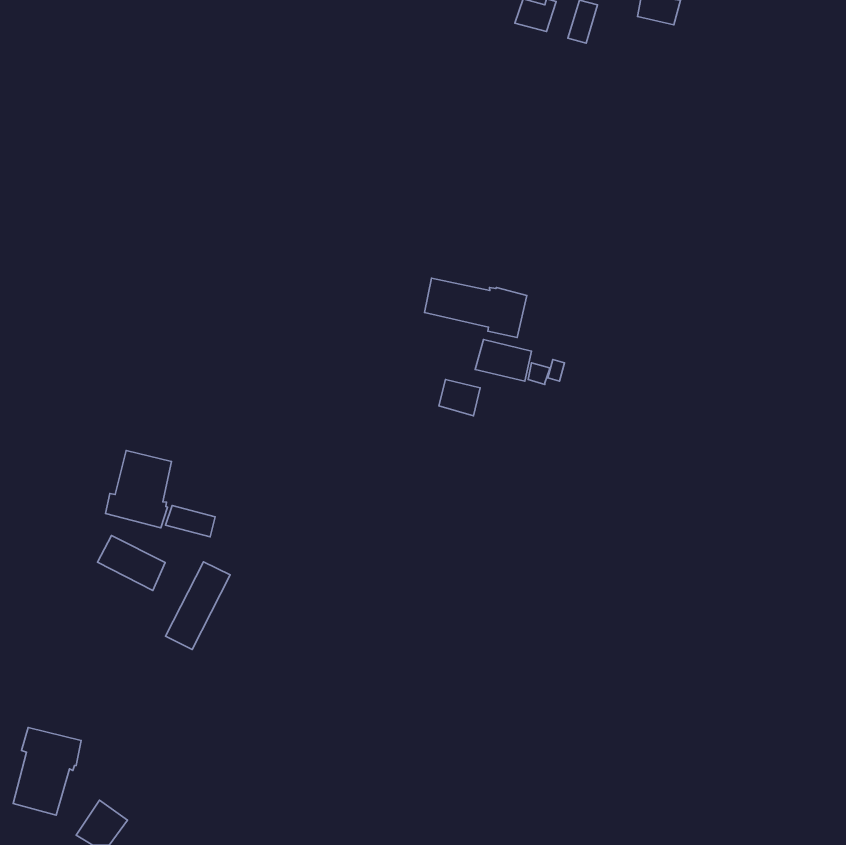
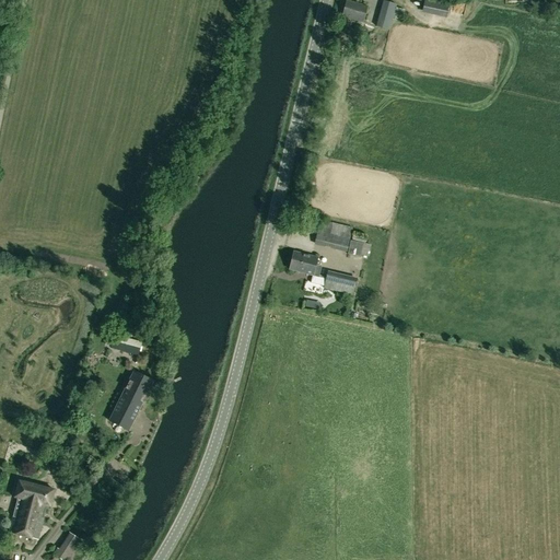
building: [425,278,527,337] -> none
building: none -> [317,270,357,294]
building: [105,451,171,528] -> none
building: [98,535,165,591] -> none

